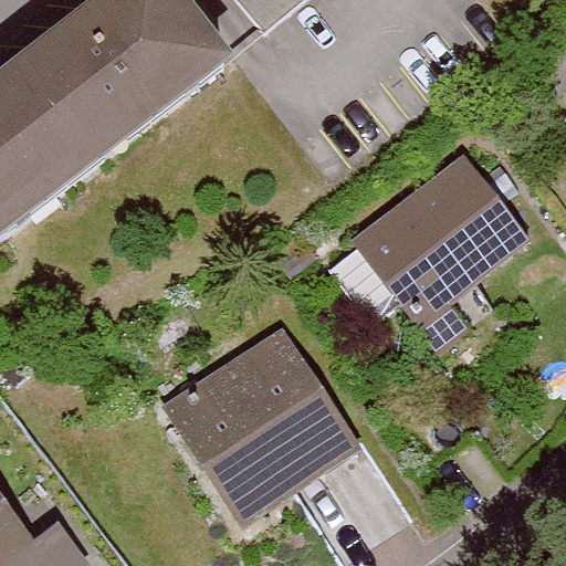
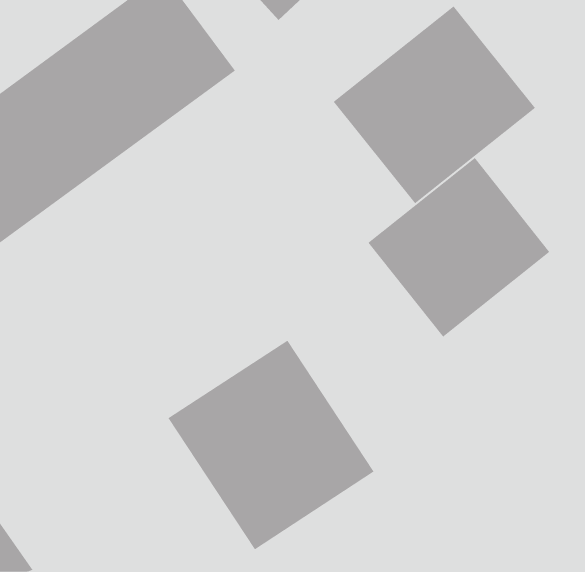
building: none -> [333,6,536,204]

